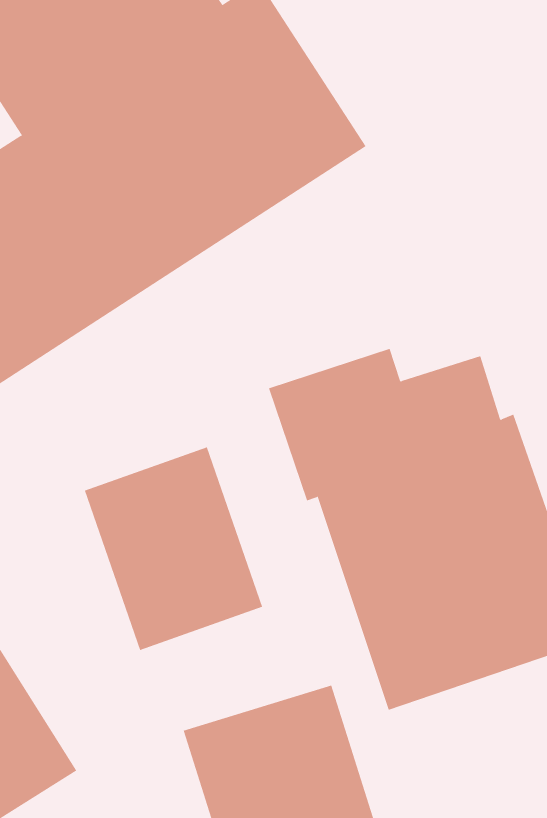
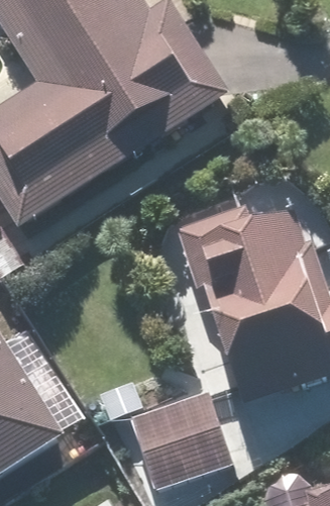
building: [84,446,263,651] -> none

